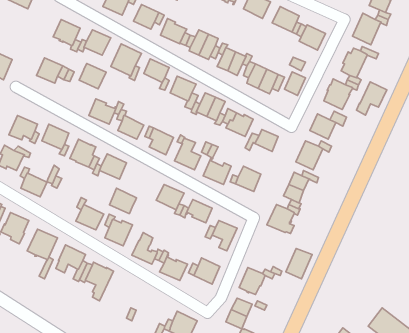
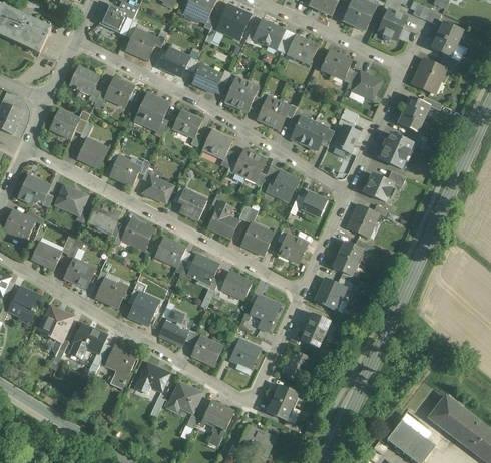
building: [79,63,106,89] -> [77,139,108,168]
building: [357,82,387,115] -> none
building: [110,188,137,213] -> [155,237,186,266]
building: none -> [64,261,96,287]
building: [286,248,312,279] -> [301,313,331,348]
building: none -> [135,362,170,392]
building: none -> [165,389,195,415]

